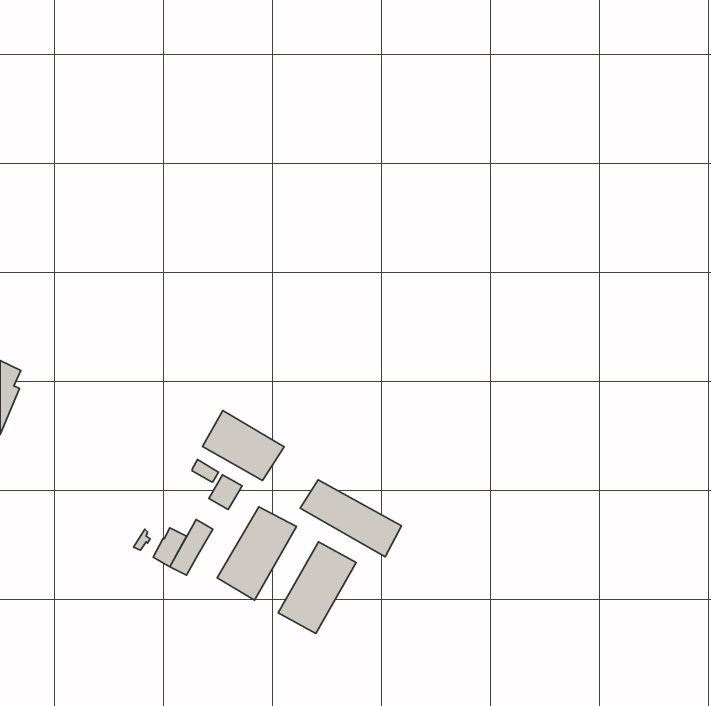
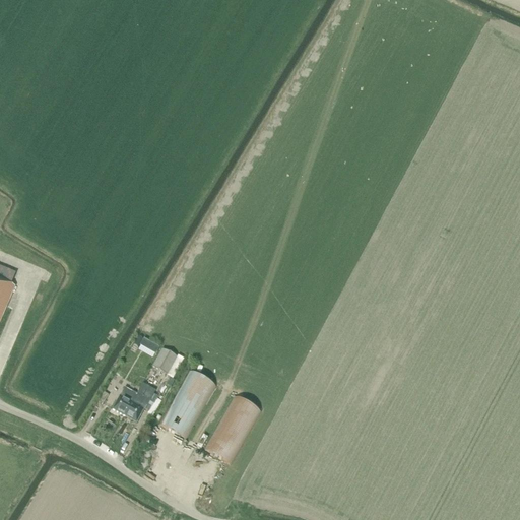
building: [202,411,284,481] -> none
building: [300,480,402,557] -> none

